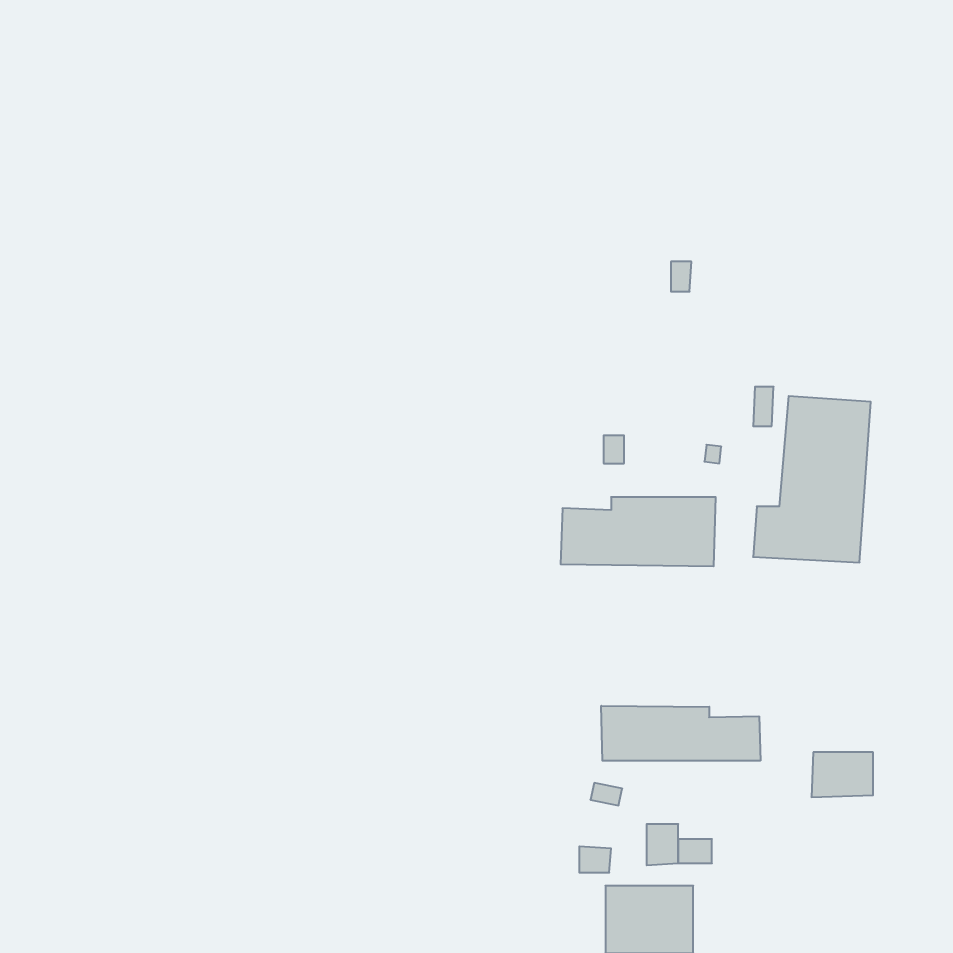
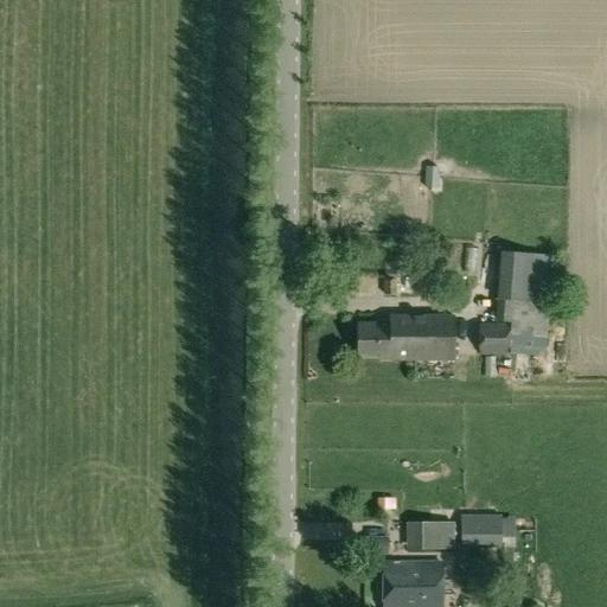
building: [601,706,760,761] -> none
building: [811,752,873,797] -> [465,517,504,545]

